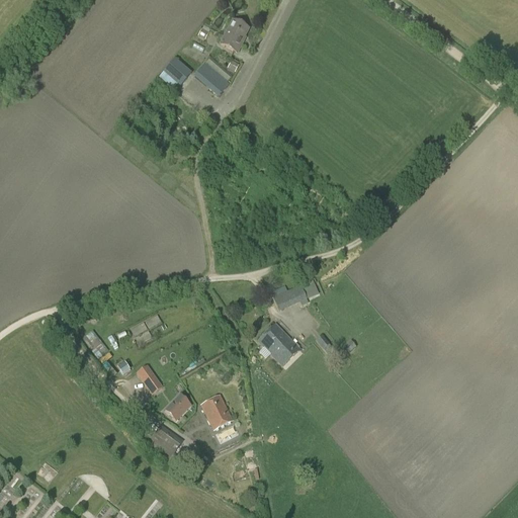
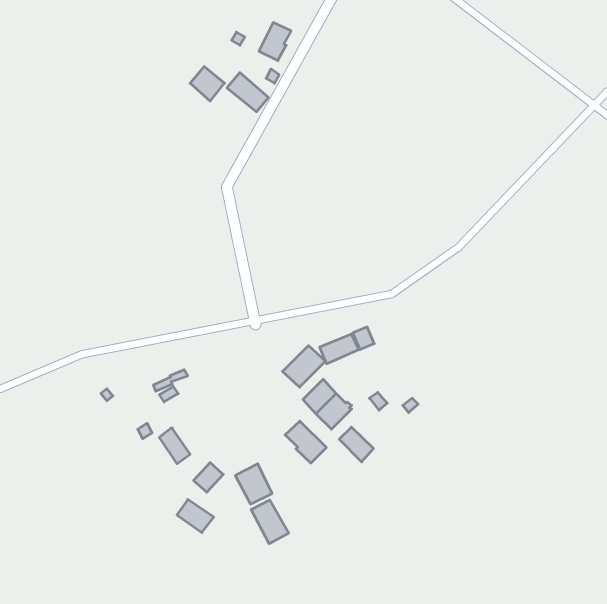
building: none -> [282,346,326,387]
building: none -> [285,421,326,463]
building: none -> [339,427,373,462]
building: none -> [251,500,289,544]

